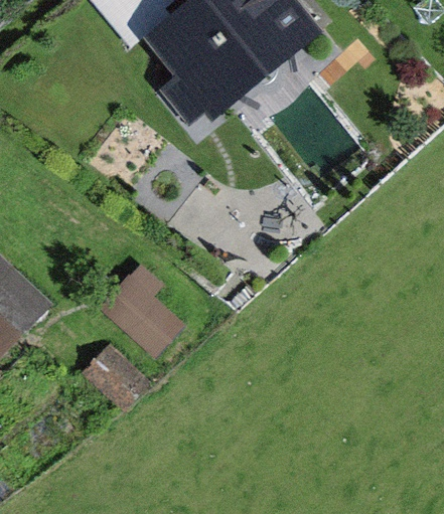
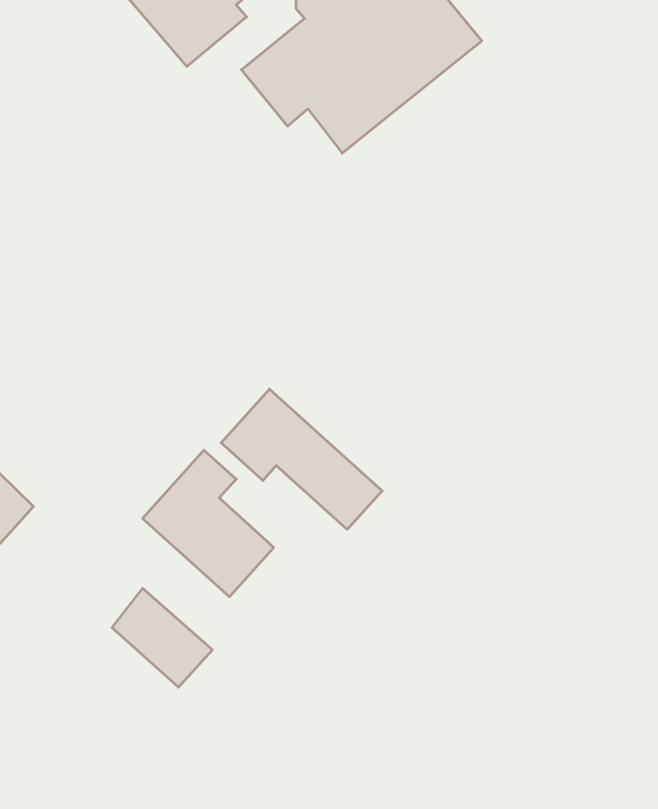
building: none -> [221,389,382,529]

